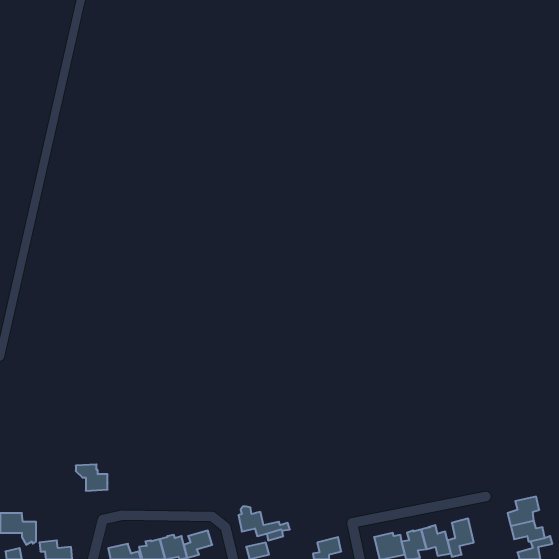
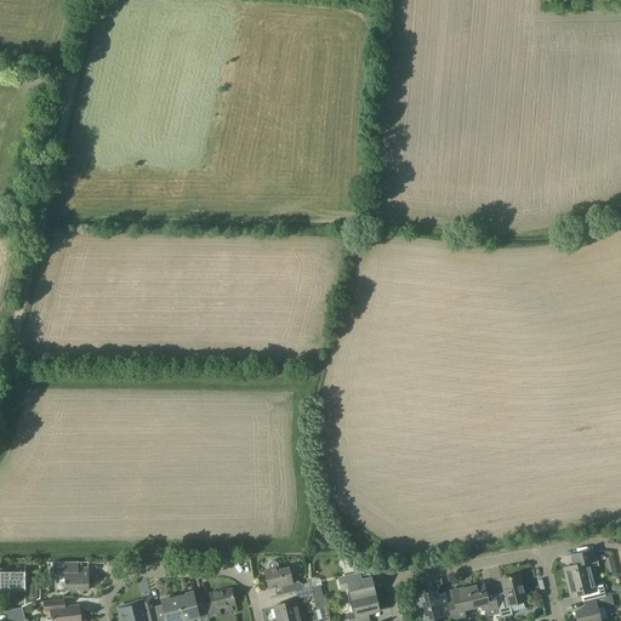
building: [76,464,108,491] -> [53,562,89,591]
building: none -> [338,563,375,602]

